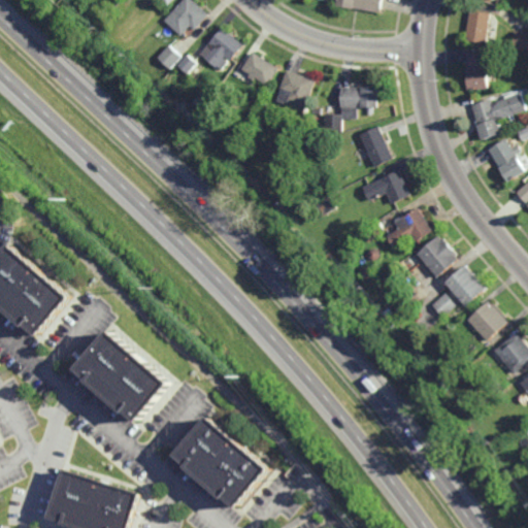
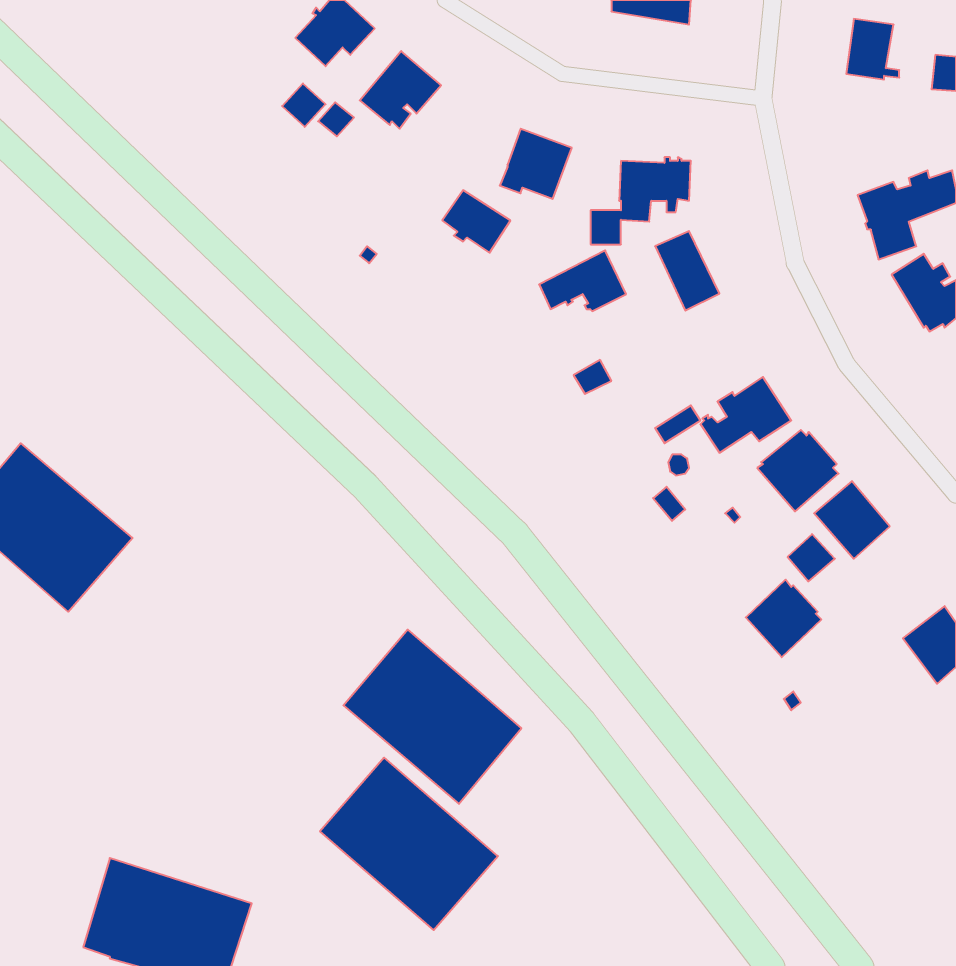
building: [461,52,490,92] -> none
building: [238,54,275,88] -> [442,190,510,253]
building: [360,171,407,204] -> [539,250,626,311]
building: [465,299,506,341] -> [746,580,821,657]
building: [73,326,170,421] -> [343,630,521,804]

